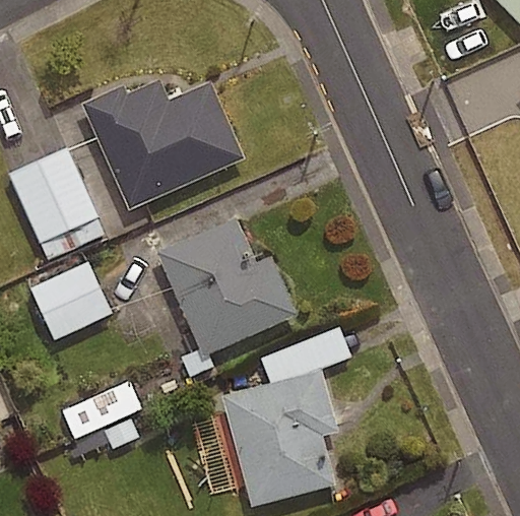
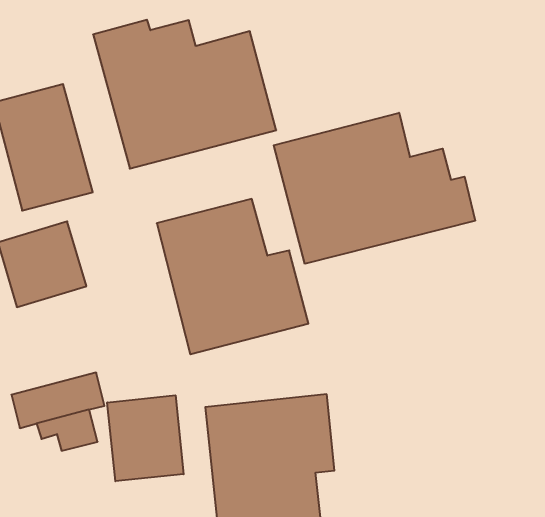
building: none -> [274,113,475,264]
building: none -> [107,395,184,481]

